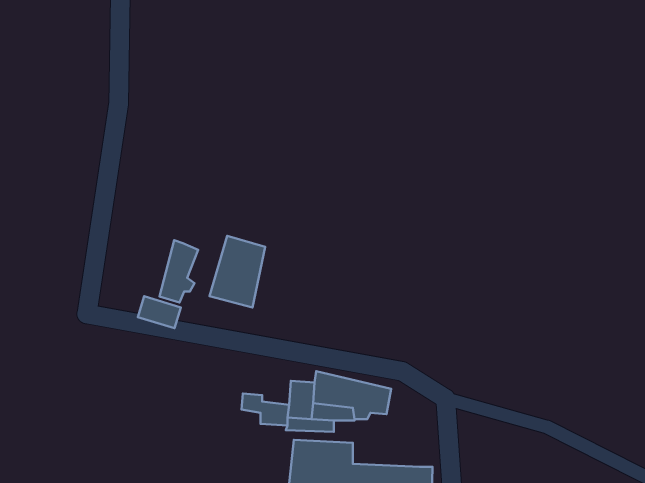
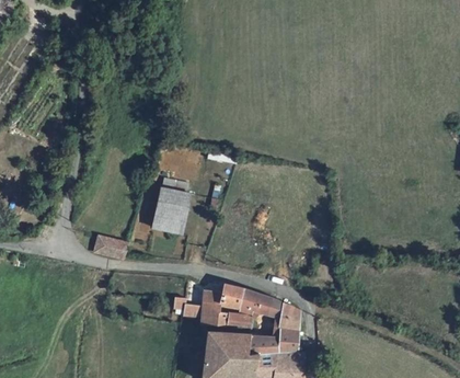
building: [160,240,198,303] -> none
building: none -> [246,300,300,350]

